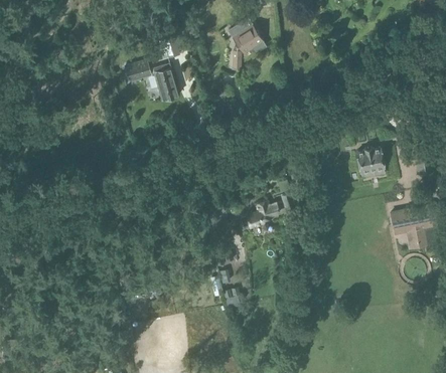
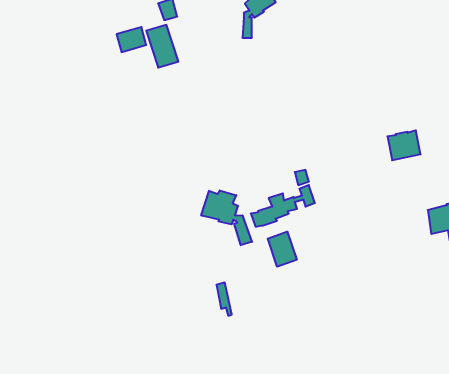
building: none -> [201,190,252,245]
building: none -> [268,232,297,267]

